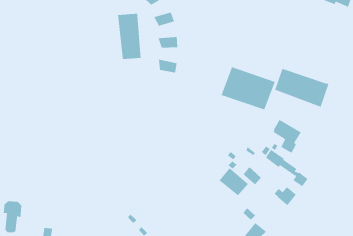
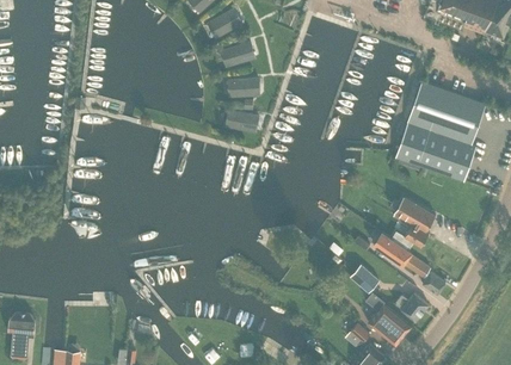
building: [117,13,142,60] -> none
building: [221,66,276,111] -> [406,82,485,146]
building: [219,167,249,196] -> [367,304,410,346]

